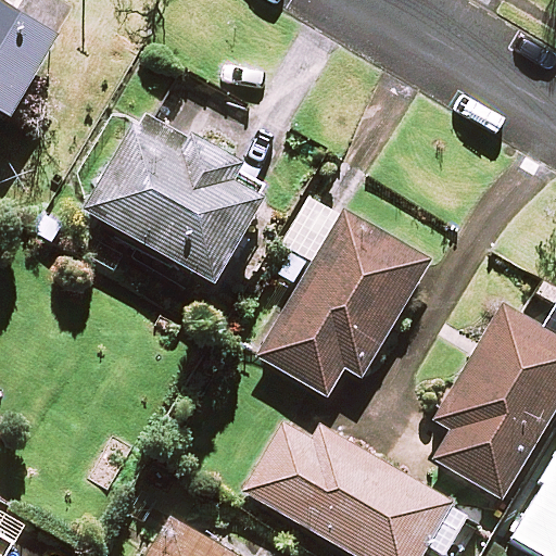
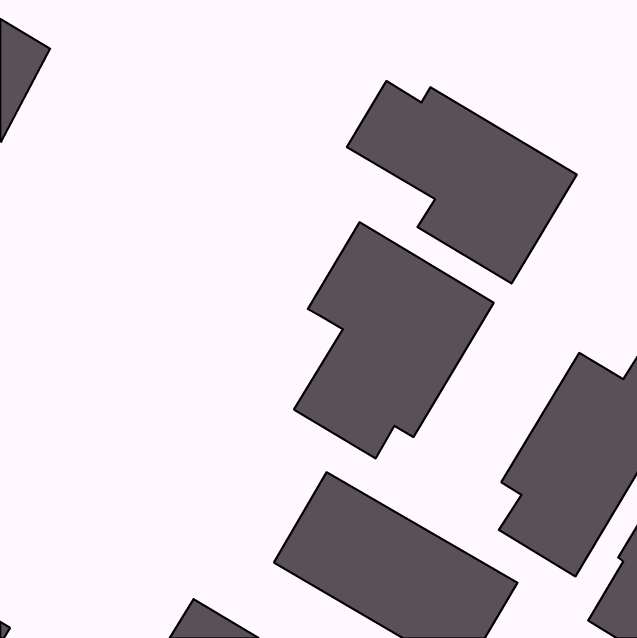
building: none -> [347,81,577,284]
building: [78,121,260,289] -> none

